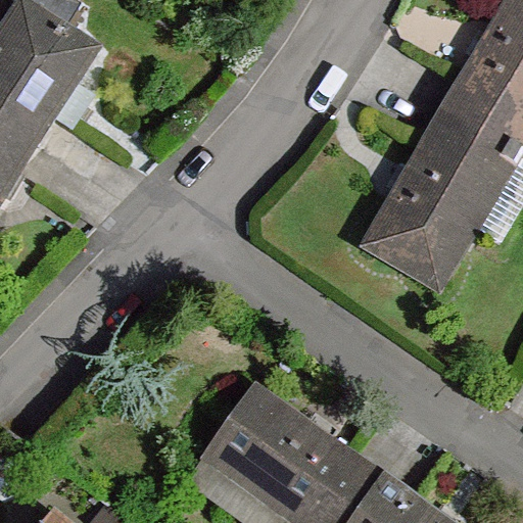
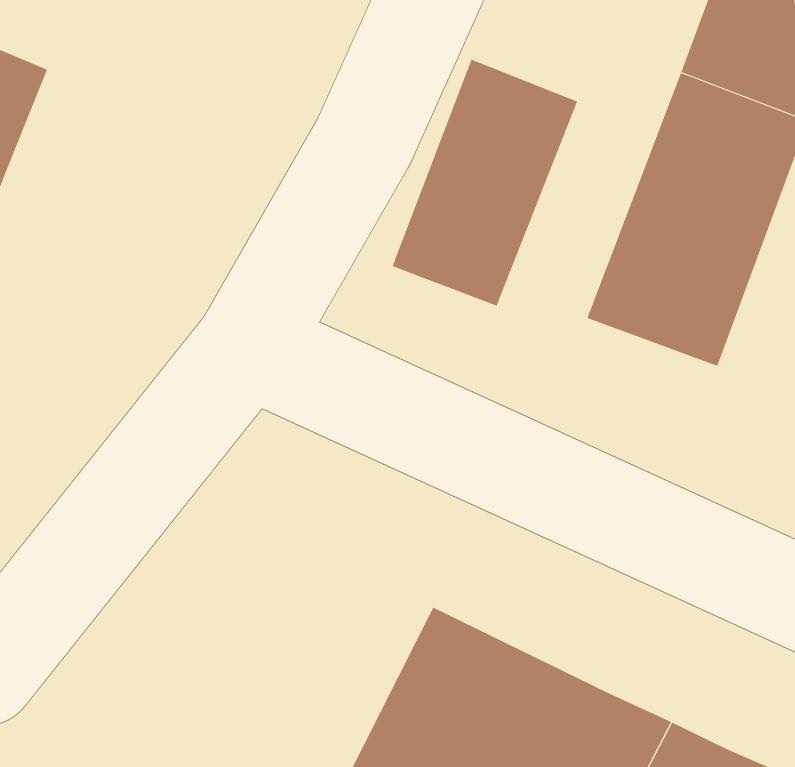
building: none -> [392,59,578,306]

